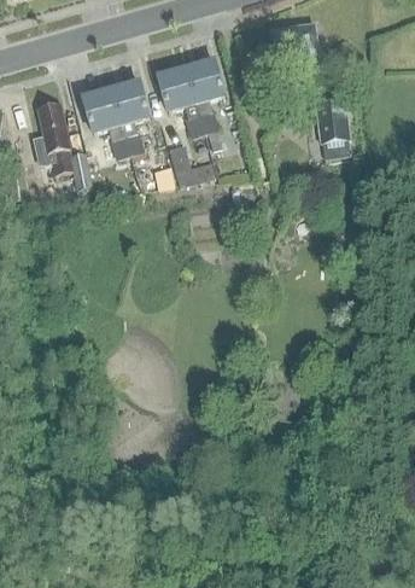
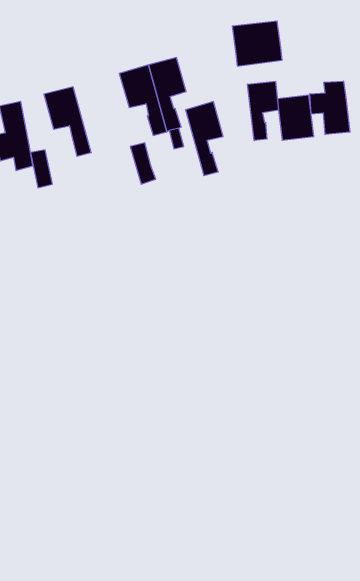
building: [112,82,150,156] -> [185,101,223,176]
building: none -> [310,81,350,135]
building: none -> [248,81,278,141]

